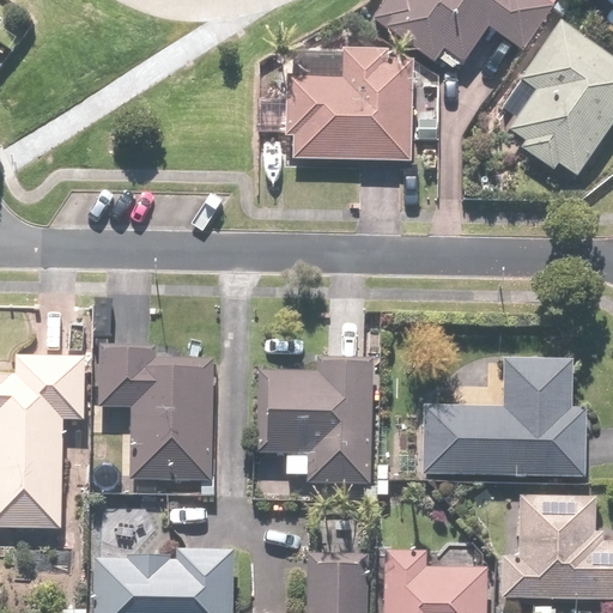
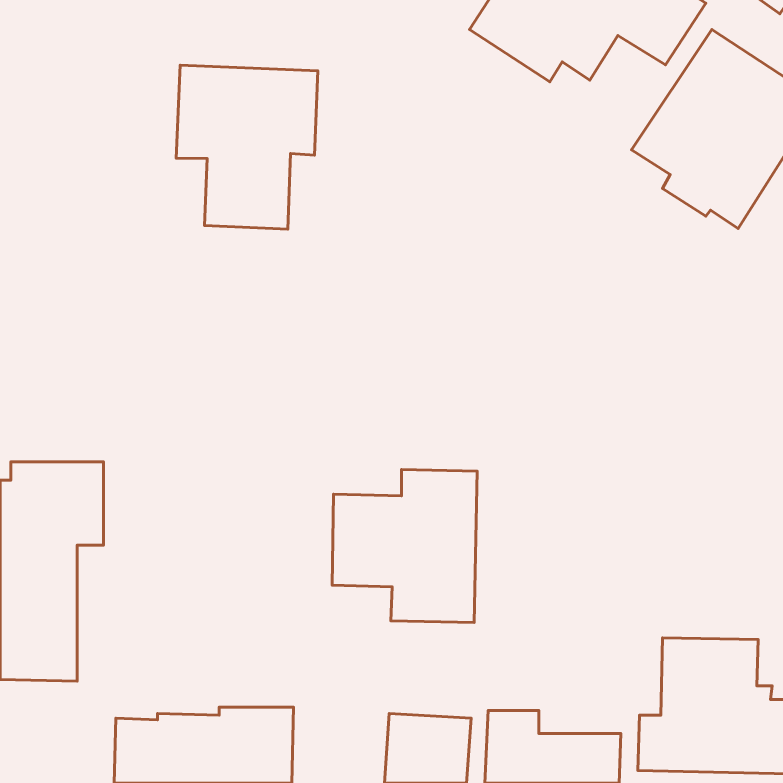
building: [284,49,411,162] -> none
building: none -> [176,65,318,229]
building: [96,345,216,477] -> none
building: [420,358,583,480] -> none

